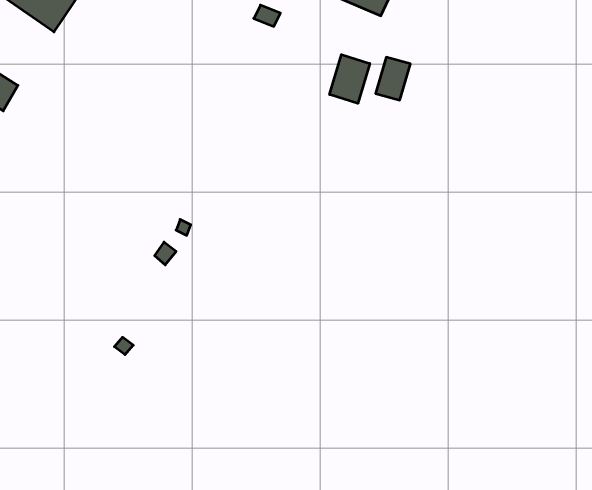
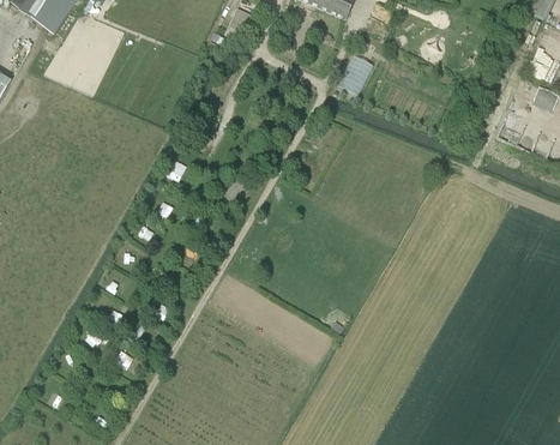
building: [330,55,370,103] -> none

